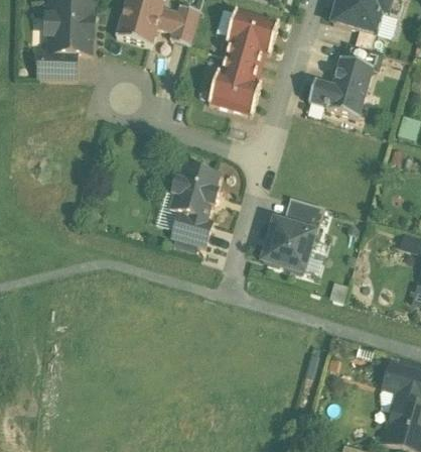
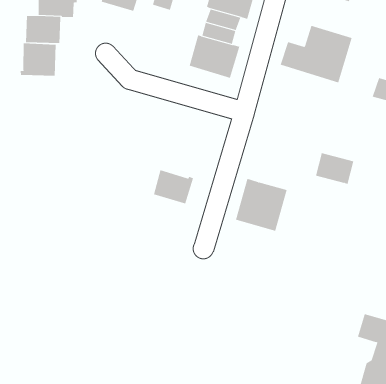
building: none -> [20,42,56,77]
building: [169,162,220,219] -> none
building: [280,199,320,232] -> [315,152,354,184]

